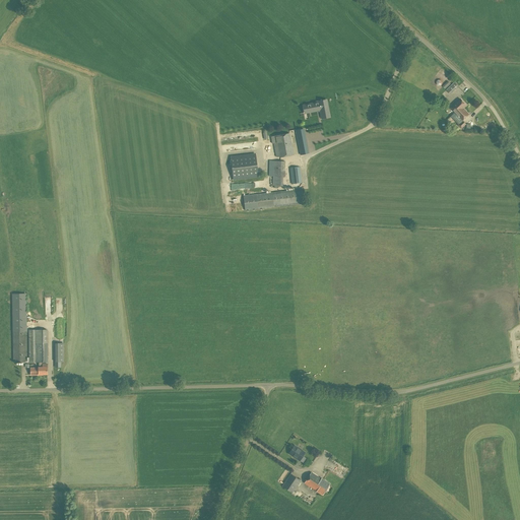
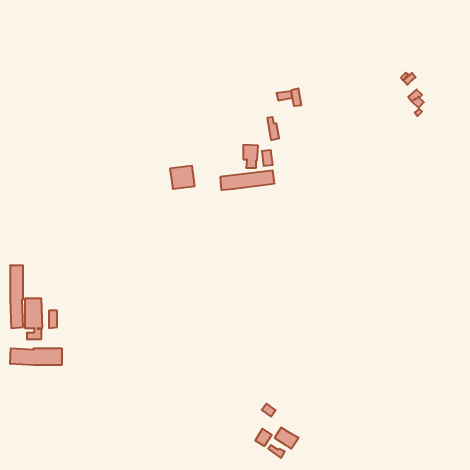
building: [270,132,292,156] -> none
building: [230,153,257,179] -> [170,166,195,189]
building: none -> [10,348,62,365]

